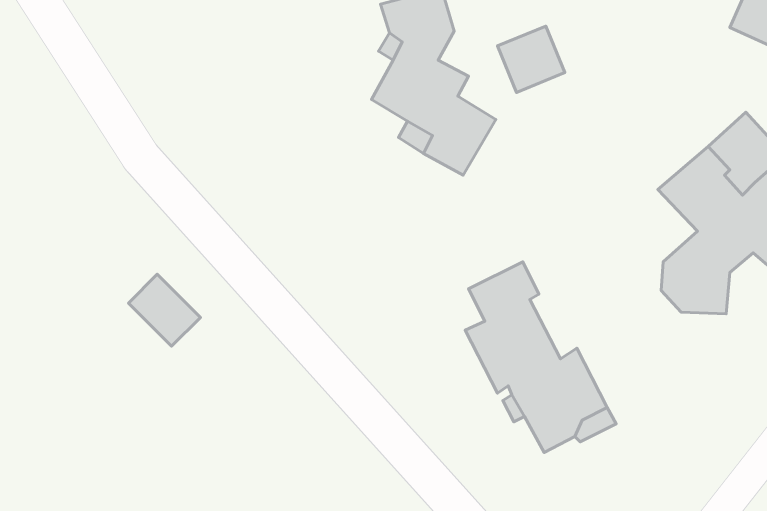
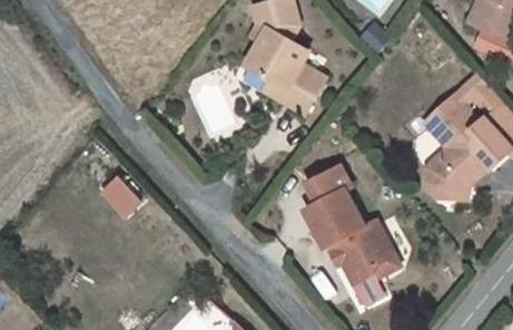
building: [497,26,565,92] -> none

